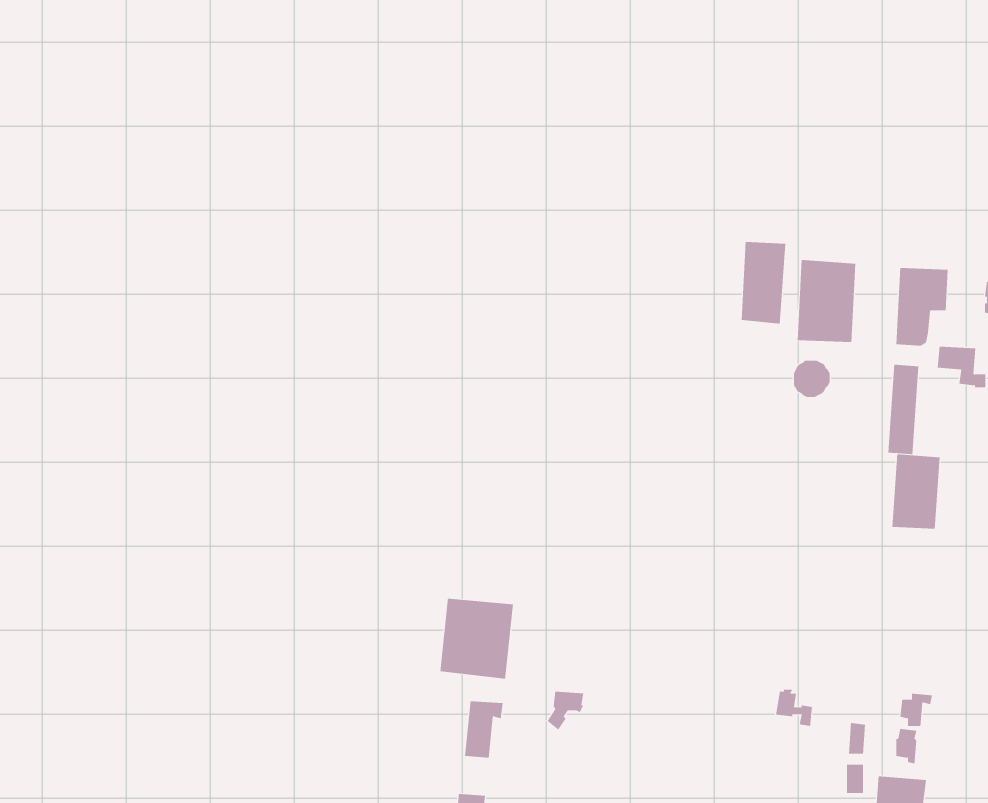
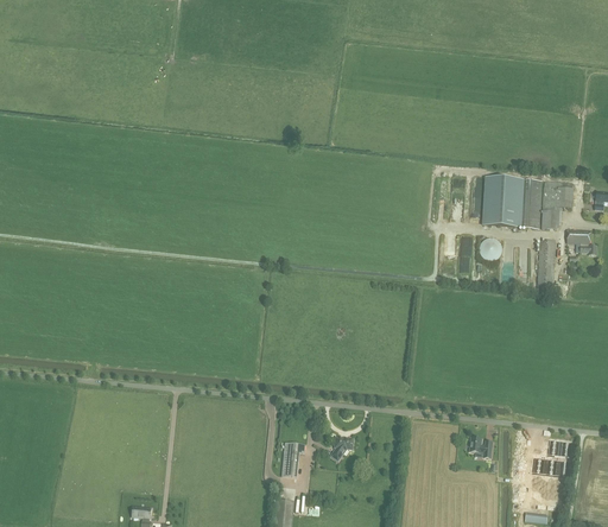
building: [741,242,786,324] -> [515,179,543,229]
building: [892,453,940,529] -> none
building: [440,598,513,679] -> none

